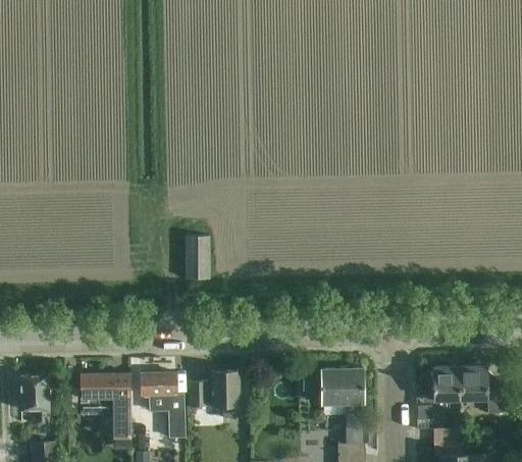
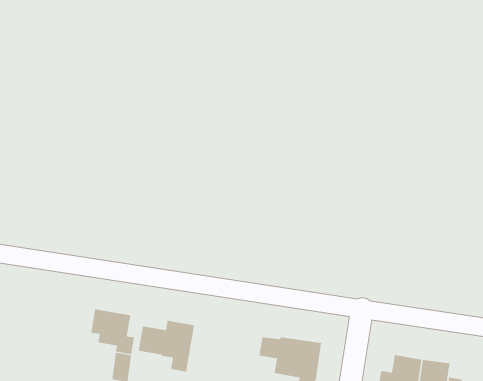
building: [185,235,209,277] -> none
building: [81,374,130,437] -> none

